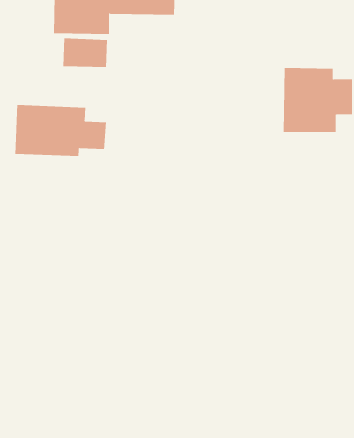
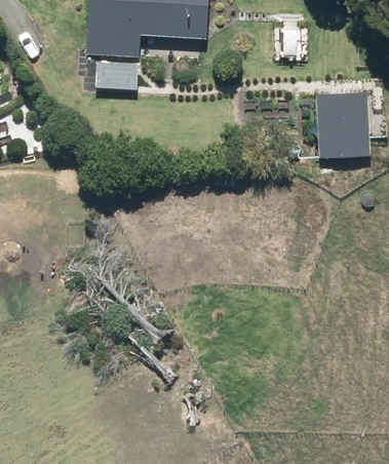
building: [15,104,106,157] -> none

